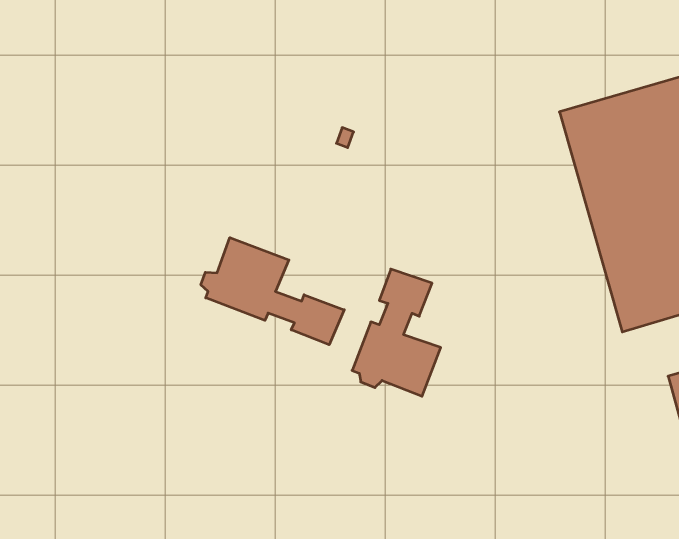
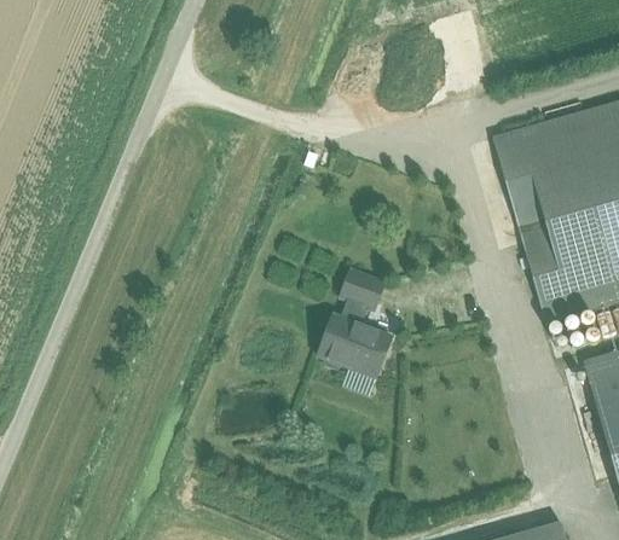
building: [201,238,344,345] -> none

